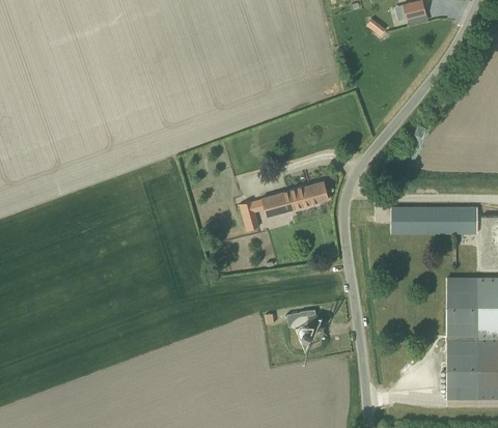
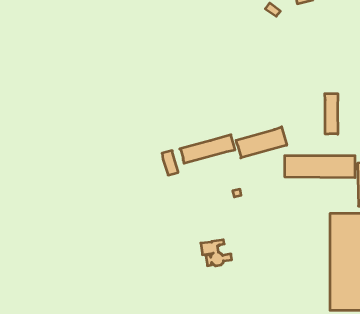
building: none -> [325,94,338,134]
building: none -> [236,127,287,158]

